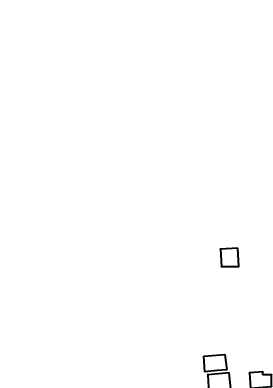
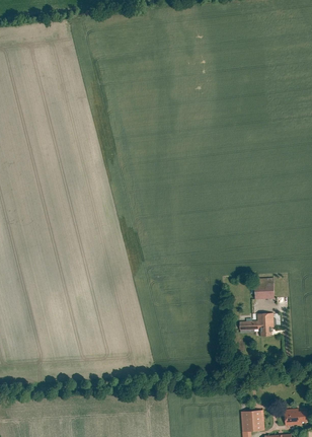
building: none -> [239,312,274,336]
building: [204,355,227,372] -> none

